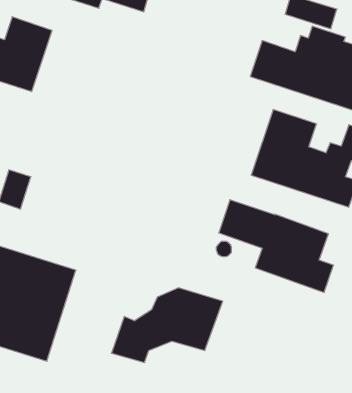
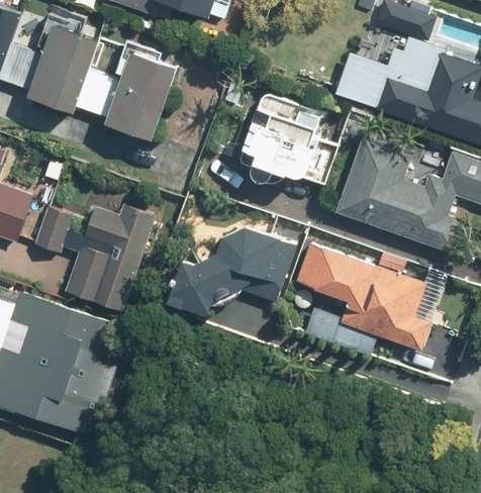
building: none -> [76,52,175,140]
building: none -> [237,93,346,184]
building: none -> [64,203,155,310]
building: [111,288,223,363] -> [166,225,298,314]

